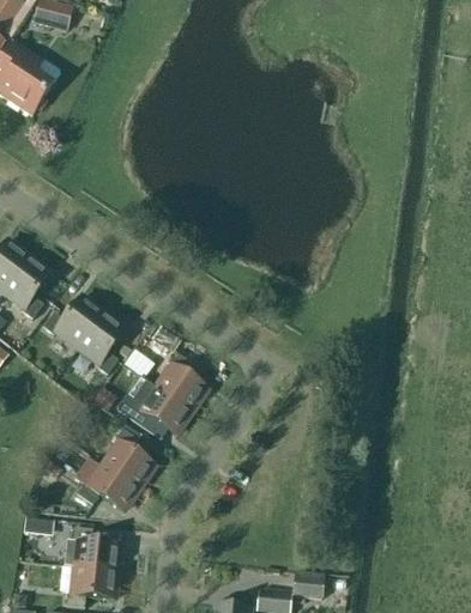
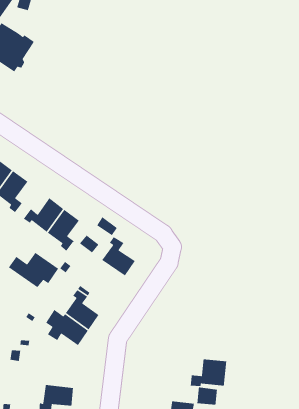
building: [117,386,192,438] -> [8,252,59,288]
building: [65,526,120,570] -> none
building: none -> [190,359,227,387]

